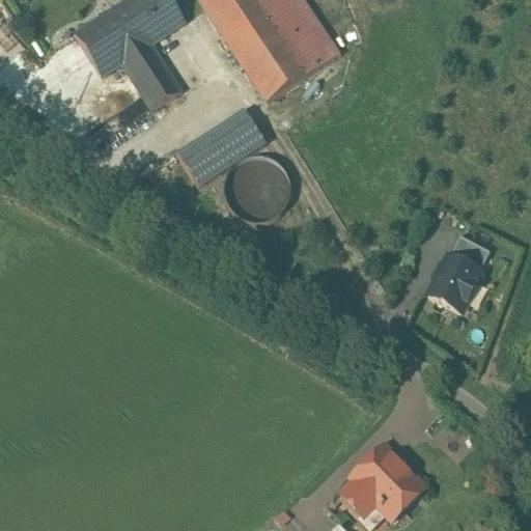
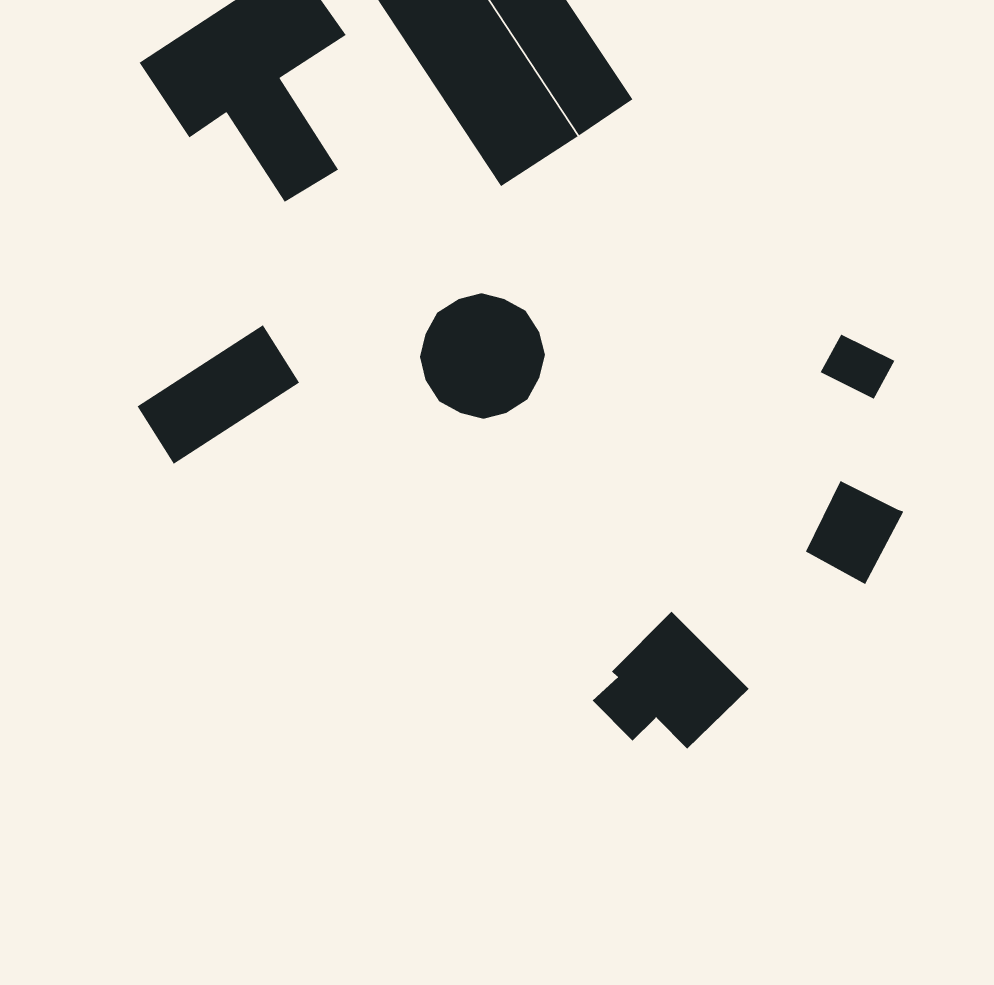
building: [178,110,266,185] -> [136,324,300,465]
building: [450,235,491,271] -> [820,333,896,400]
building: [341,444,425,518] -> [592,611,750,749]

